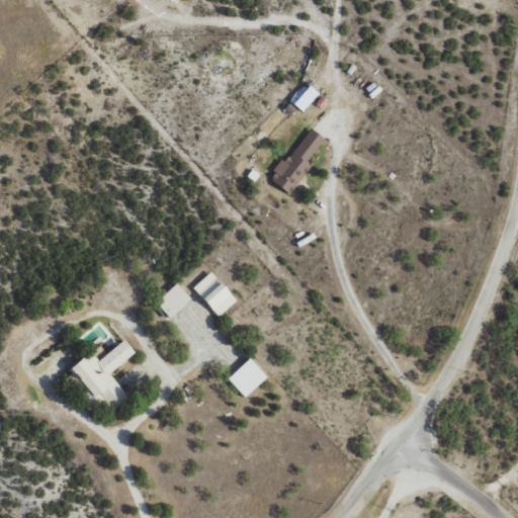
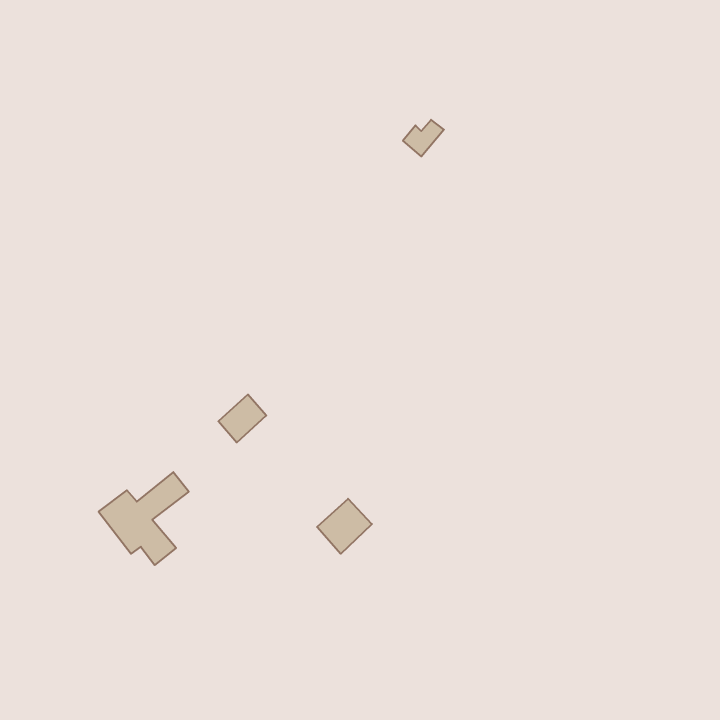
building: [271,127,325,194] -> none
building: [193,271,237,316] -> none

